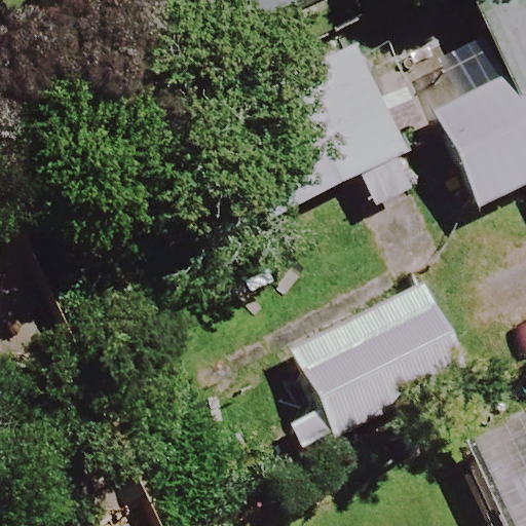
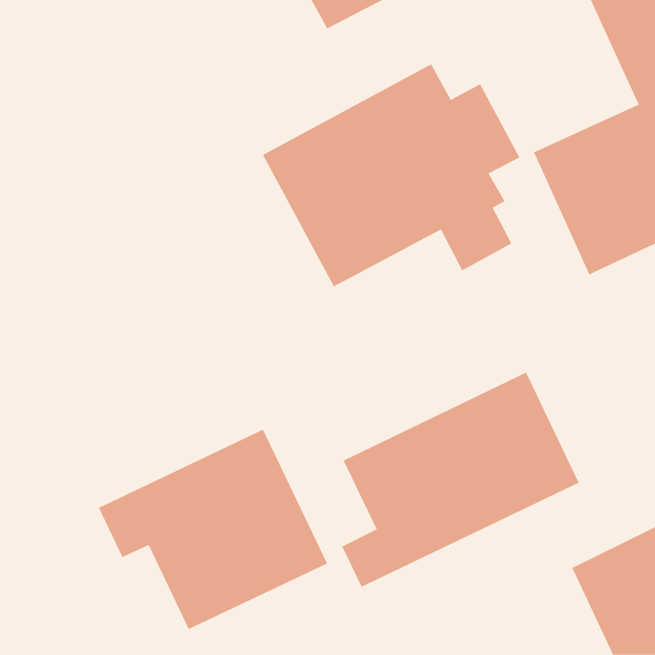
building: none -> [98,429,328,630]

